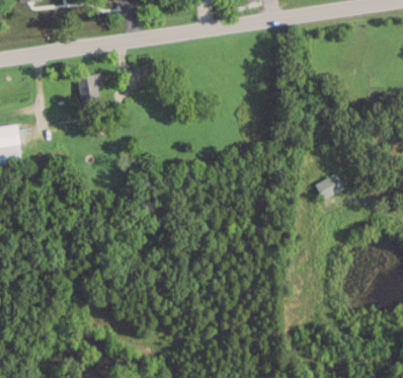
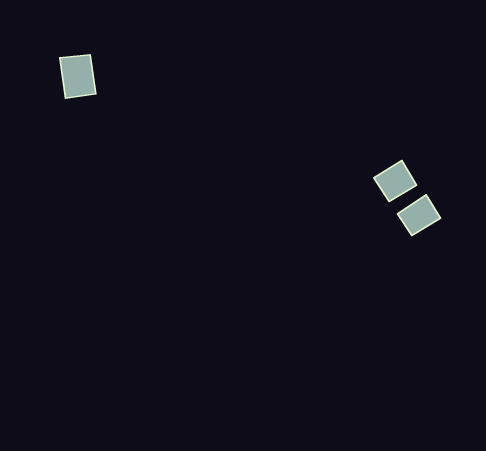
building: none -> [374,160,416,201]

